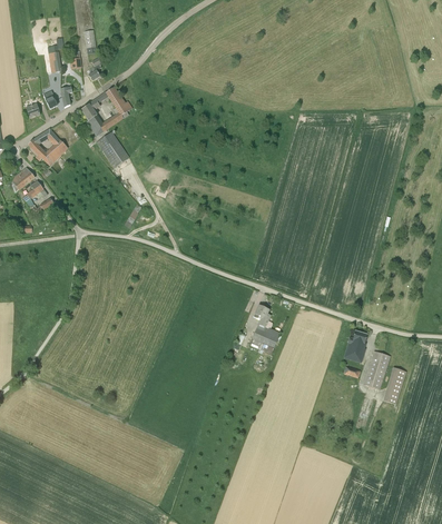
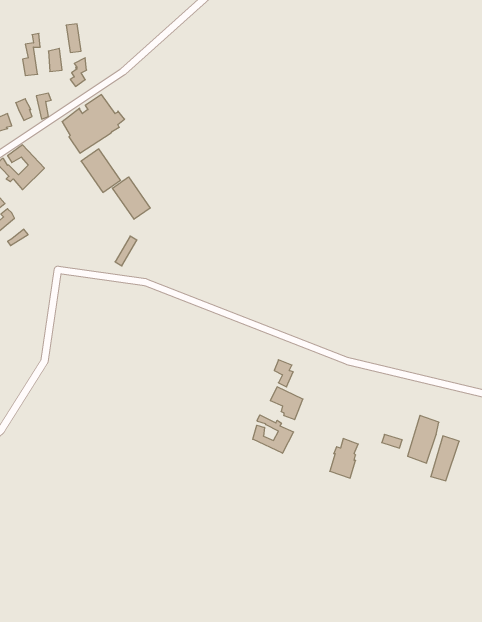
building: none -> [112,177,150,219]
building: [343,329,366,362] -> [330,439,358,478]
building: none -> [253,415,294,453]

